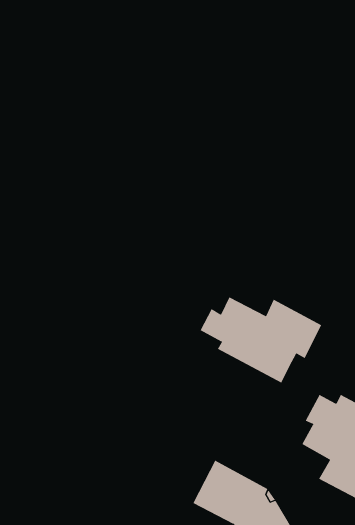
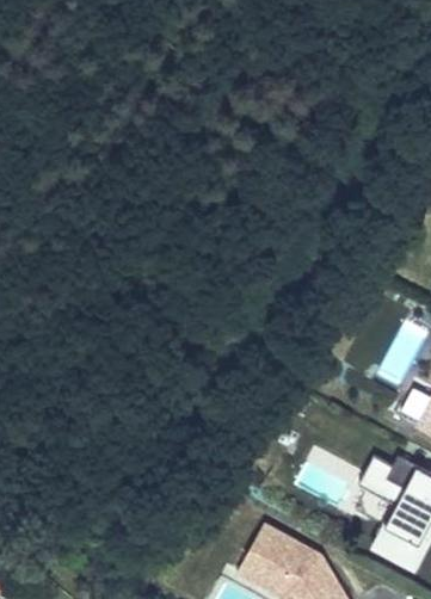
building: [200,297,322,384] -> none

